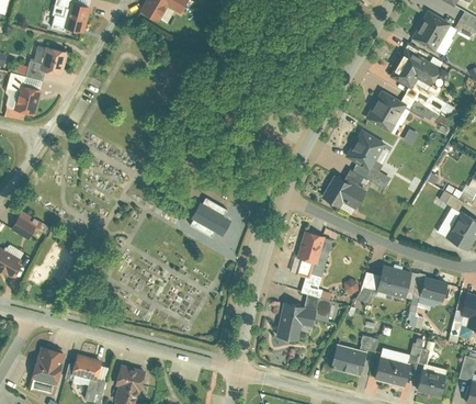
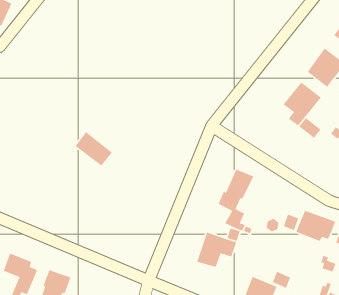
building: [321,169,366,215] -> none
building: [190,201,231,236] -> [74,131,113,166]

